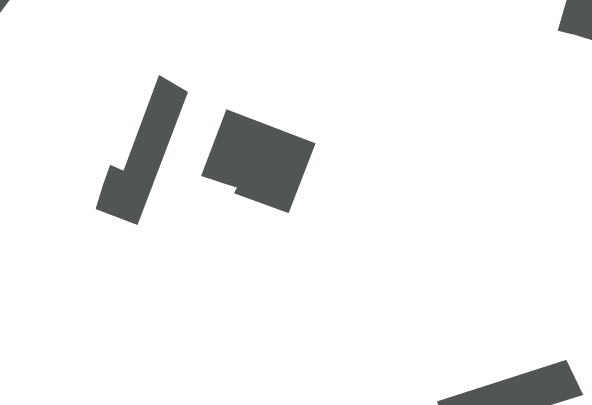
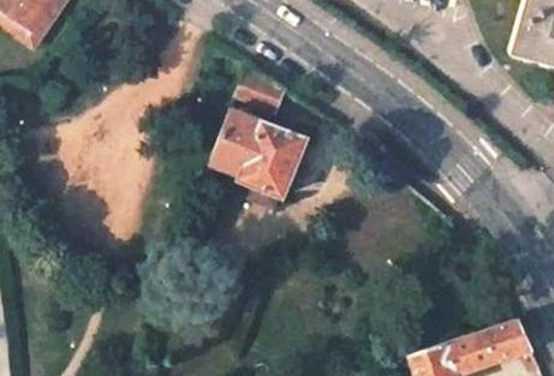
building: none -> [237,66,282,112]
building: [95,74,189,226] -> none

